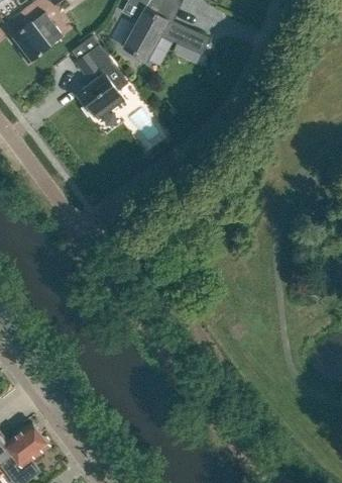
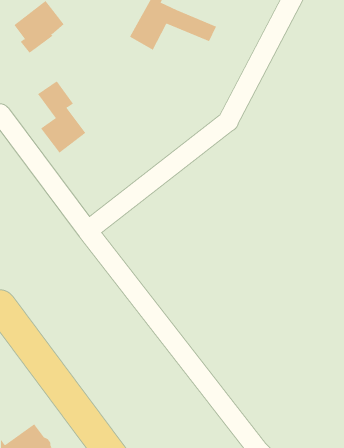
building: [76,46,123,117] -> [37,81,86,154]

